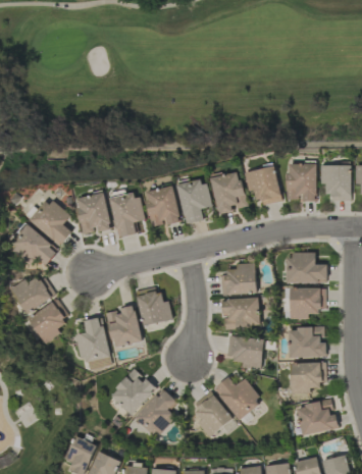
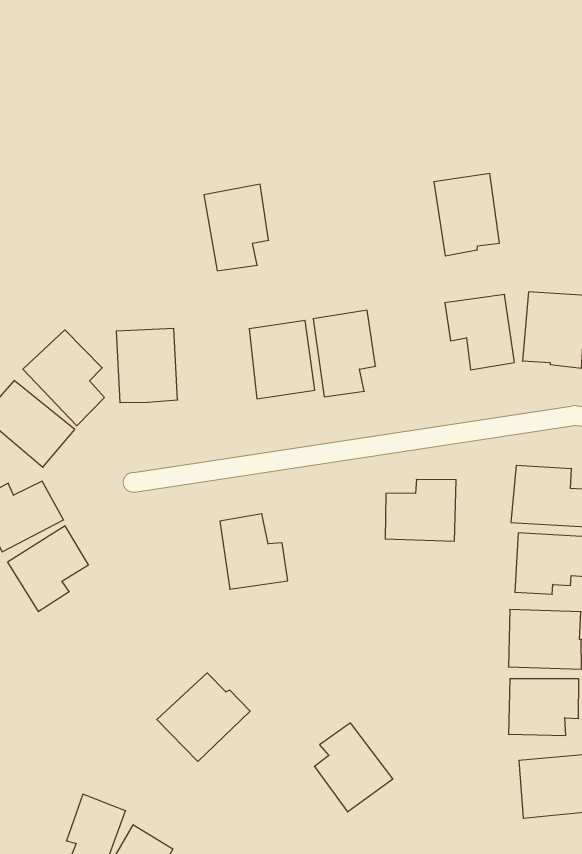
building: [211,171,247,215] -> [434,173,499,256]
building: [109,192,144,238] -> [204,184,269,271]
building: [221,298,260,328] -> none
building: [107,305,142,348] -> none
building: [75,317,110,363] -> none
building: [226,336,264,370] -> none
building: [213,377,262,421] -> none
building: [135,388,177,437] -> none

